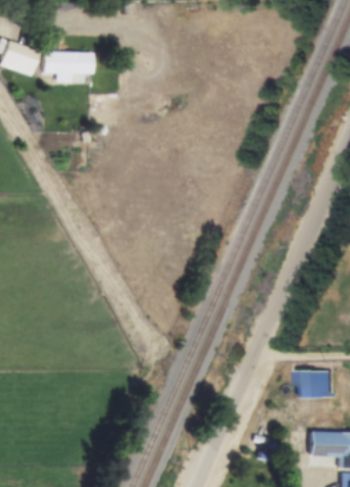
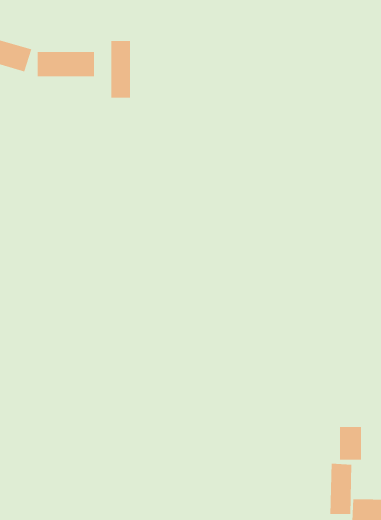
building: none -> [111,40,130,98]
building: none -> [330,463,352,515]

